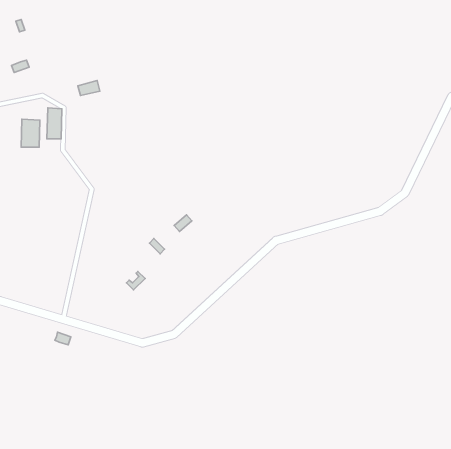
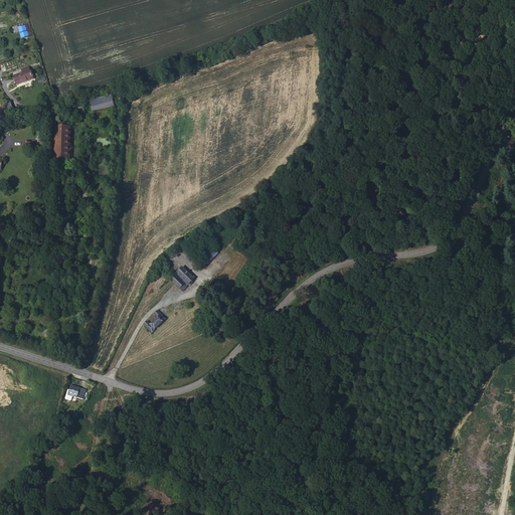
building: [21,119,40,147] -> none

